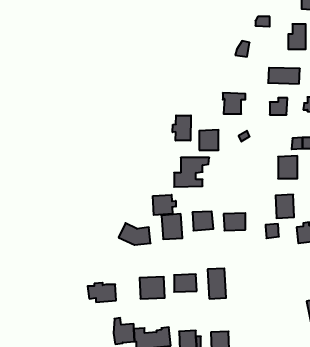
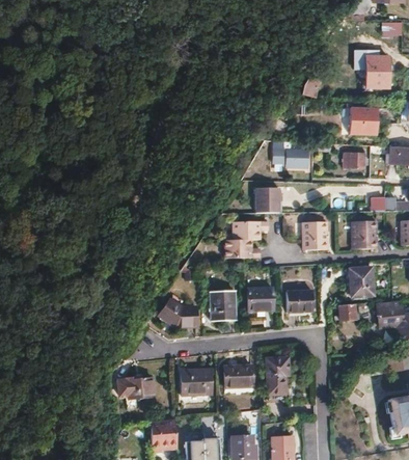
building: [173,115,191,141] -> none
building: none -> [303,220,328,248]
building: [153,195,176,215] -> none

